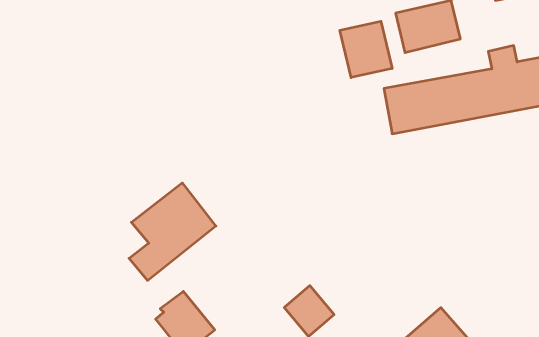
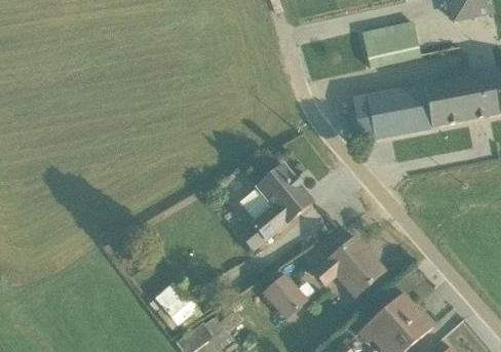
building: [340,21,392,78] -> none
building: [129,183,216,280] -> [237,165,314,251]
building: none -> [314,236,383,297]

